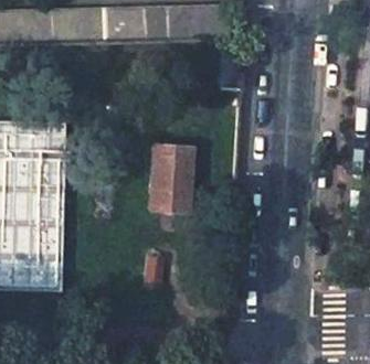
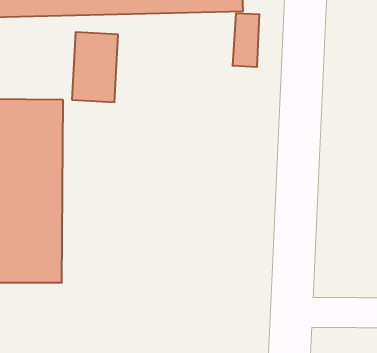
building: [149,147,192,212] -> [72,32,118,102]

